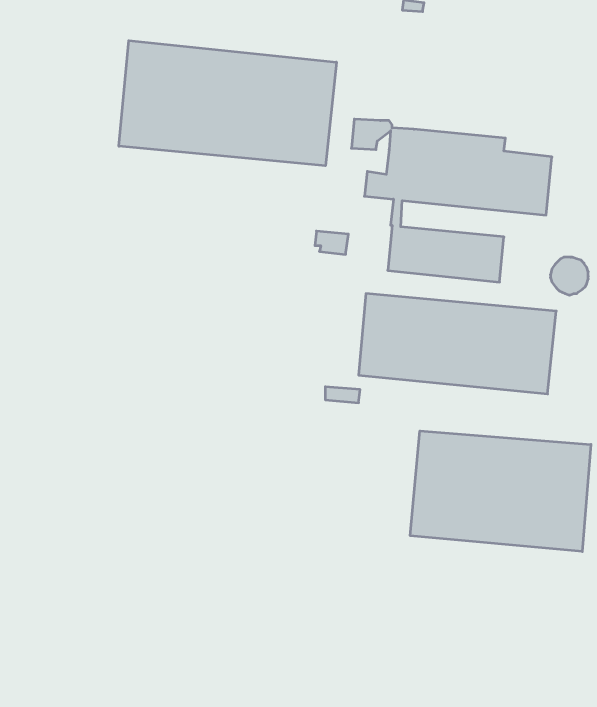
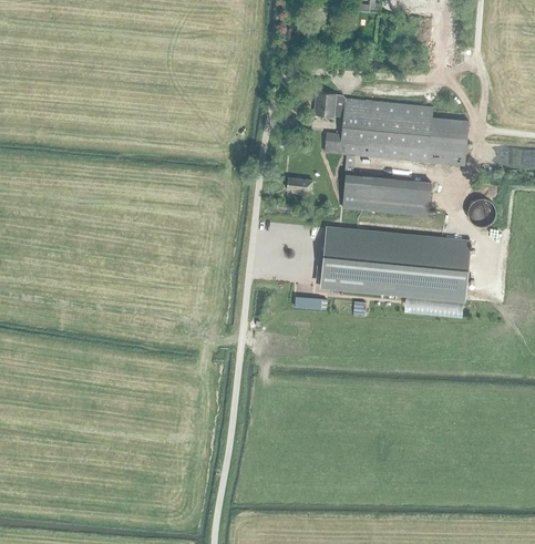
building: [119,41,336,166] -> none
building: [410,431,591,552] -> none

